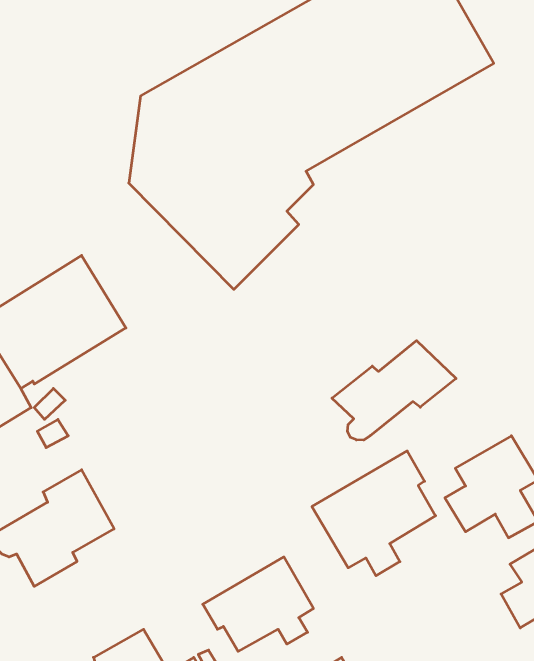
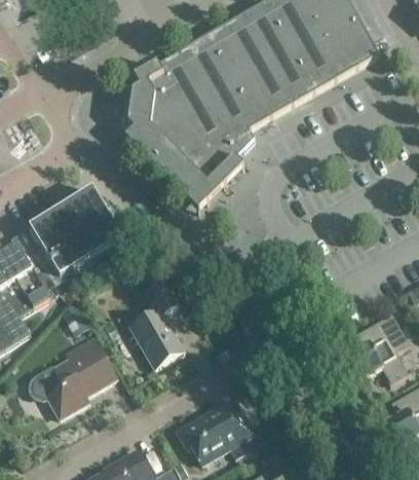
building: [332,341,456,440] -> none
building: none -> [131,276,185,366]
building: [312,451,436,576] -> none

